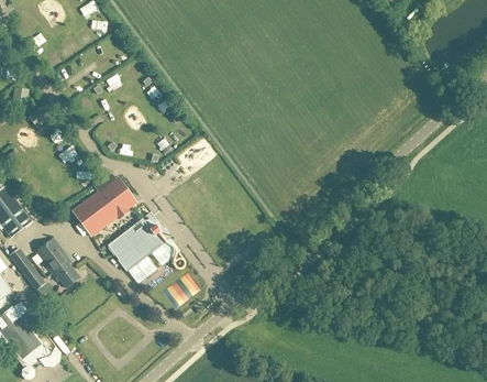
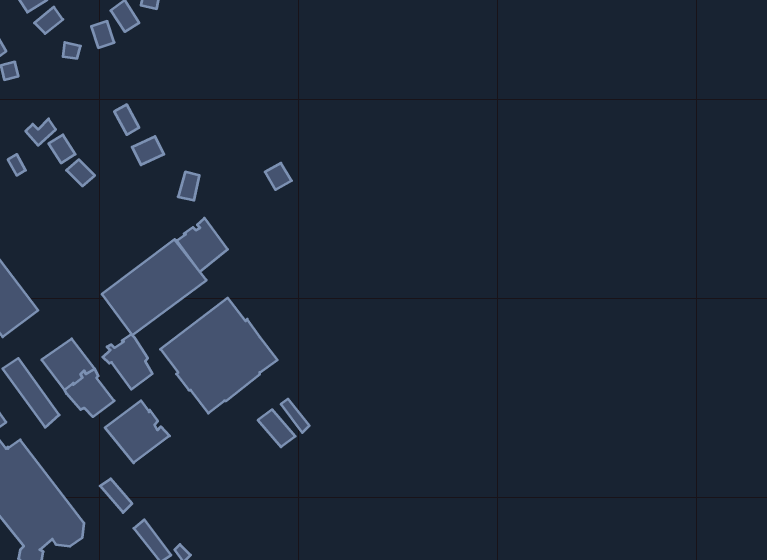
building: none -> [177,218,228,272]
building: none -> [103,334,152,389]
building: none -> [105,401,170,463]

